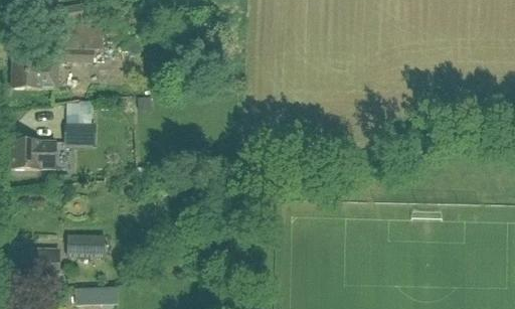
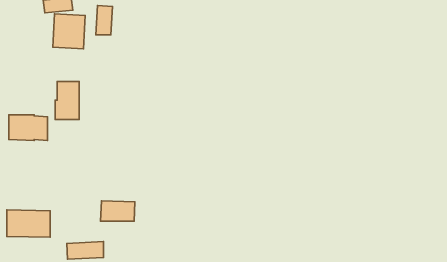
building: none -> [96,5,112,35]
building: [12,58,58,88] -> none
building: [68,231,108,255] -> [101,201,135,221]

